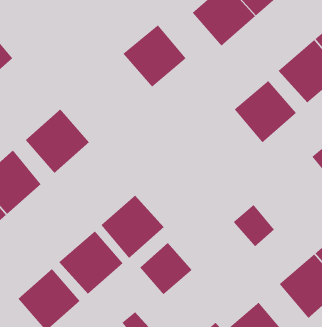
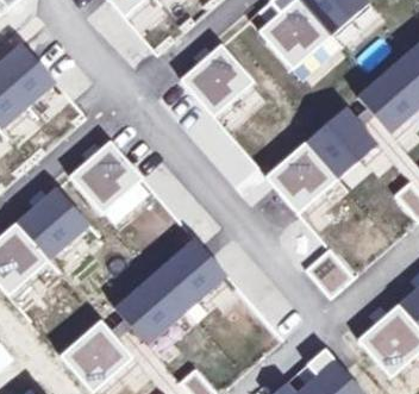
building: none -> [265,140,338,213]
building: [140,242,193,295] -> none

